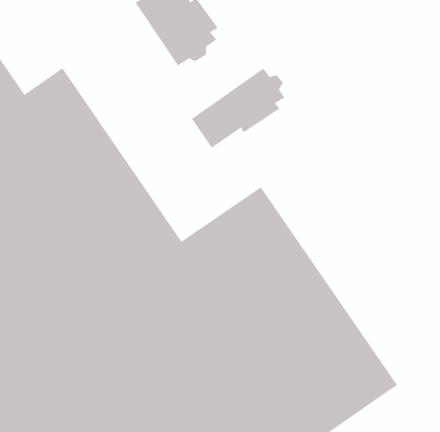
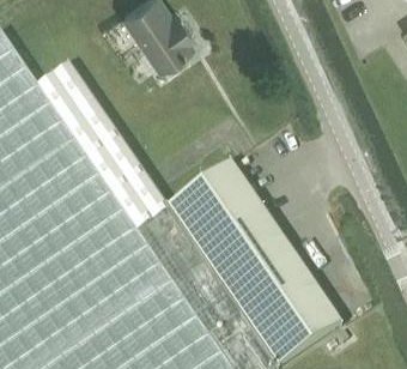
building: [191,68,285,148] -> none

